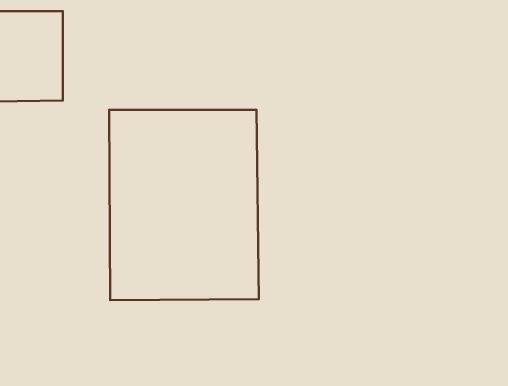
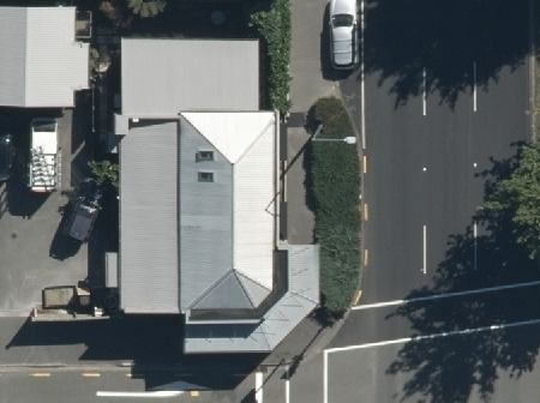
building: none -> [120,40,257,114]

